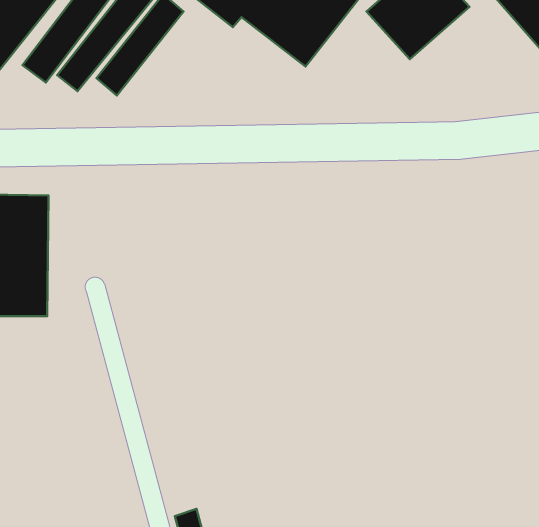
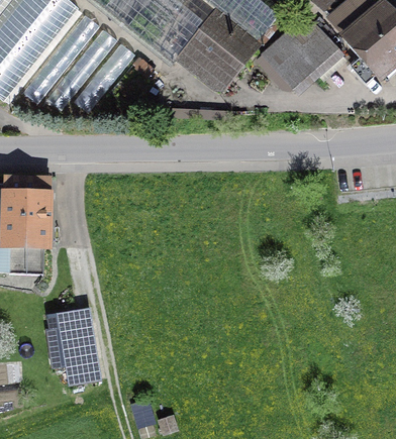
building: none -> [51,322,100,385]

